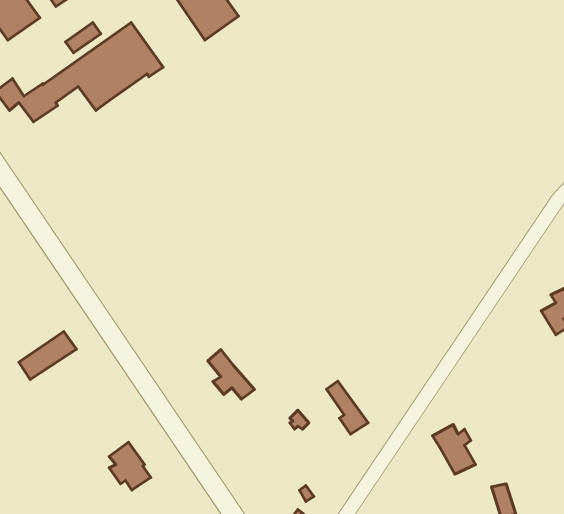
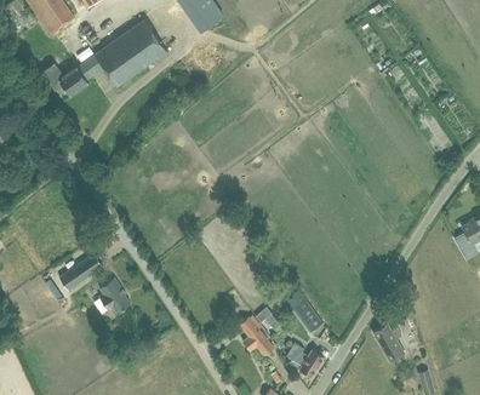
building: [208,350,254,399] -> [239,317,274,355]
building: [109,442,151,490] -> [99,277,131,314]
building: none -> [286,343,324,377]

